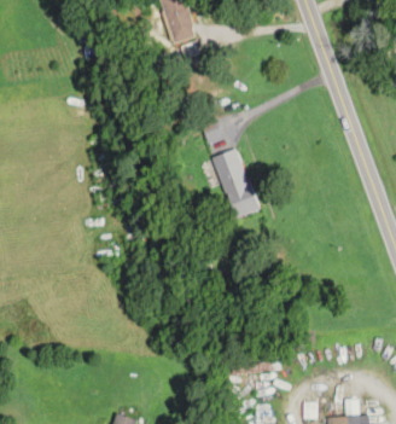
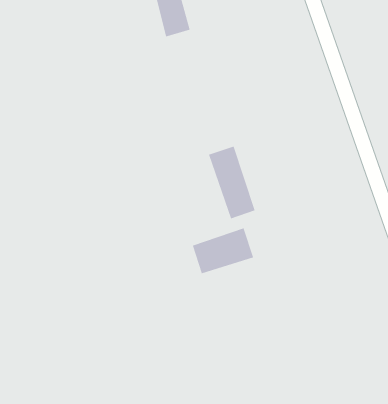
building: none -> [192,228,254,274]

